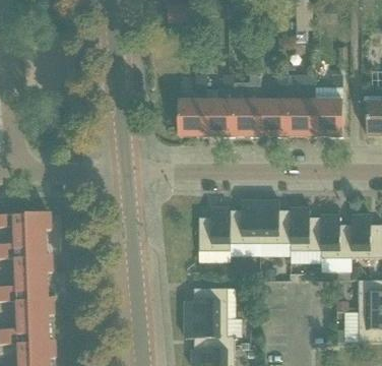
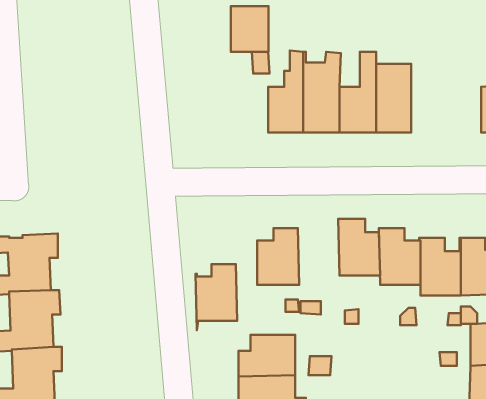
building: [315,74,343,135] -> none
building: [179,101,207,135] -> [231,6,269,52]
building: [230,200,261,250] -> [195,264,237,330]

